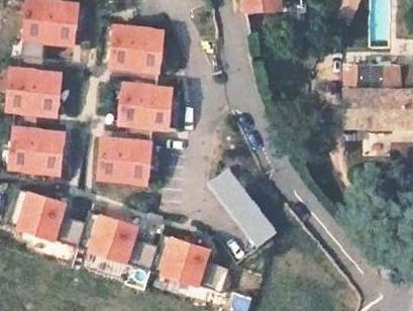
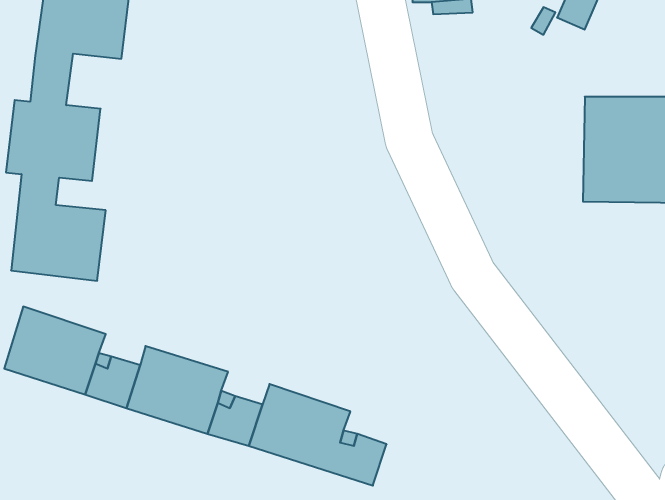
building: [111,25,165,72] -> none
building: [120,83,173,129] -> none
building: [100,137,152,184] -> none
building: [207,168,277,248] -> none

